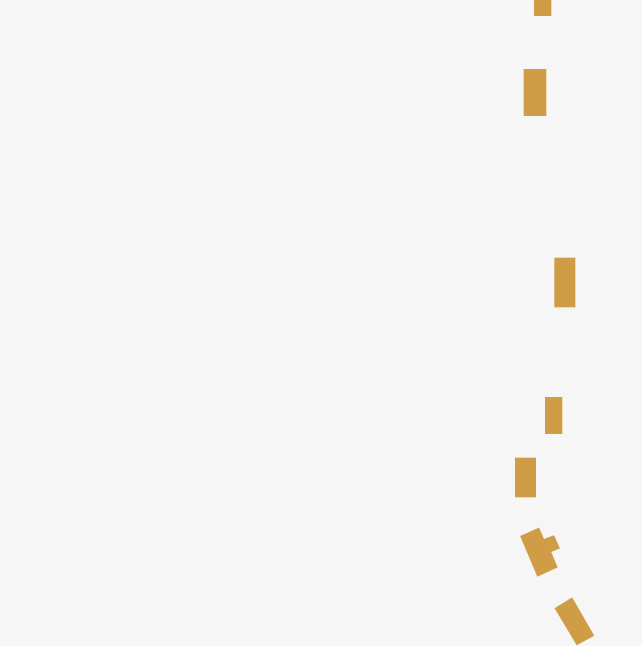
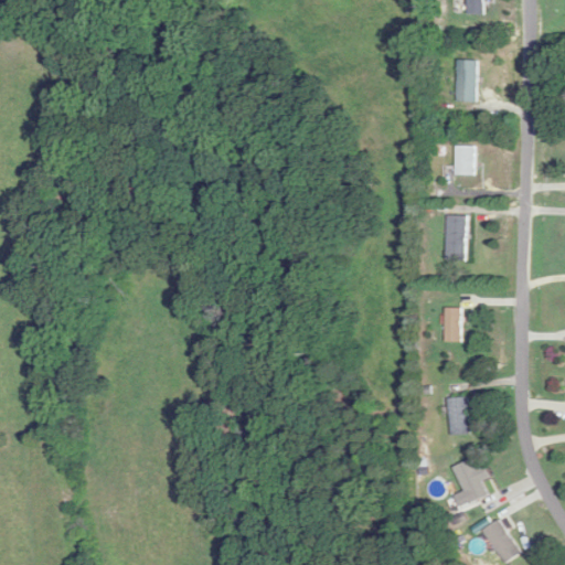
building: none -> [455,146,473,173]
building: [553,257,576,308] -> [446,215,466,259]
building: [544,396,563,434] -> [444,308,460,341]

